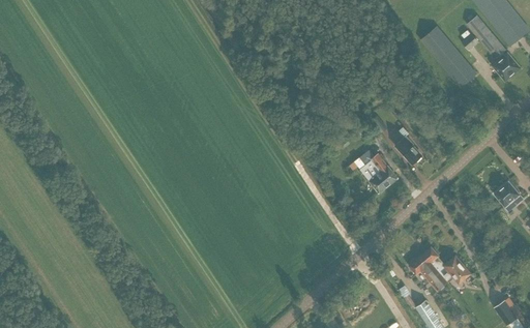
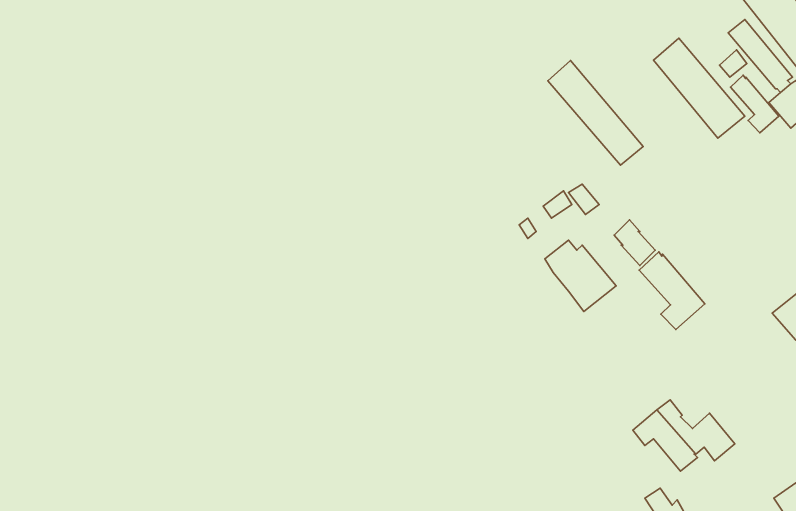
building: none -> [548,61,643,165]
building: none -> [730,75,779,133]
building: none -> [639,252,705,329]

